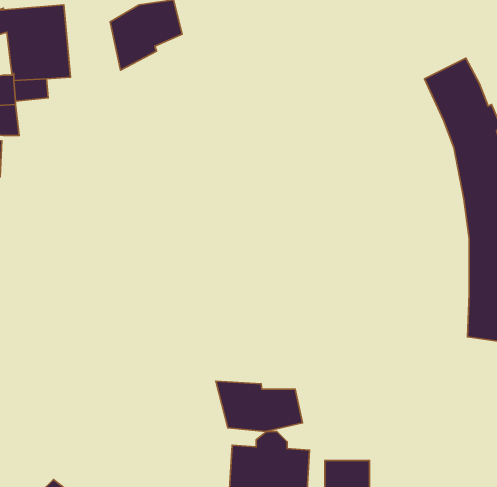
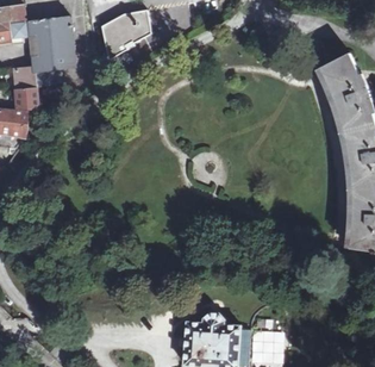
building: none -> [314,68,350,247]
building: [216,381,303,432] -> none

